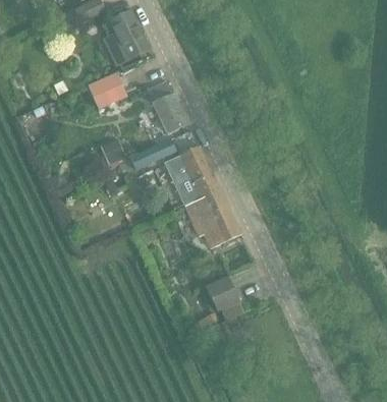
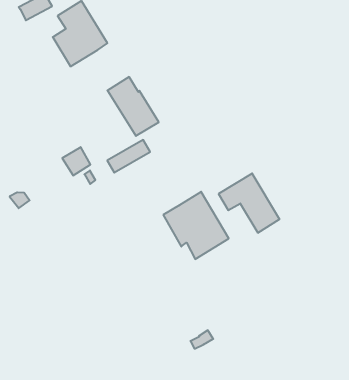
building: [85,73,125,111] -> none
building: [166,147,218,199] -> [219,173,280,233]
building: [203,276,243,323] -> none

